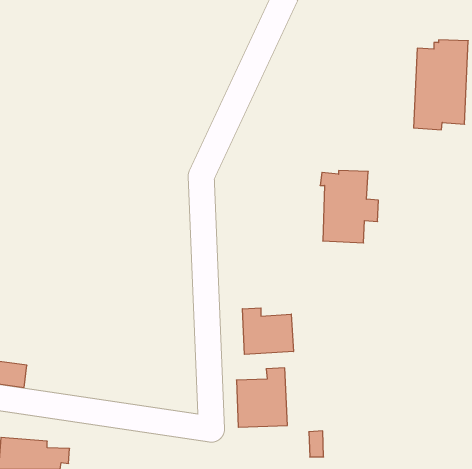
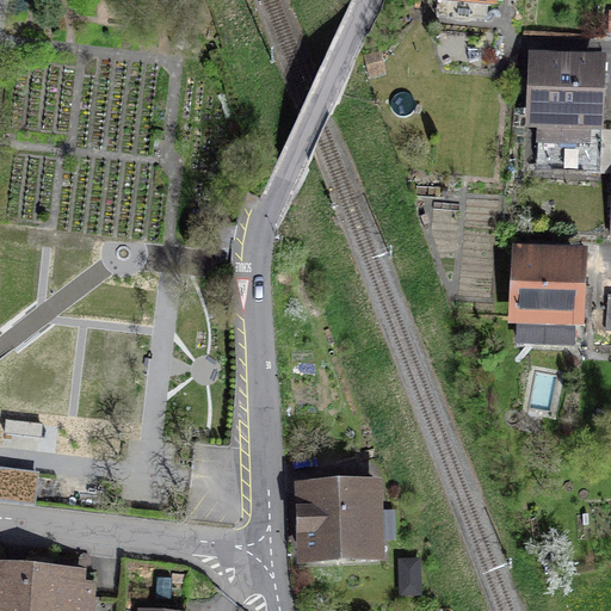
building: [320,171,378,243] -> [513,246,588,339]
building: [242,308,293,354] -> none

